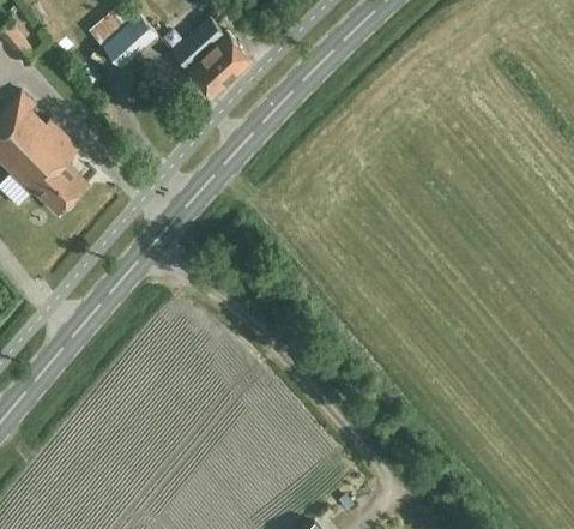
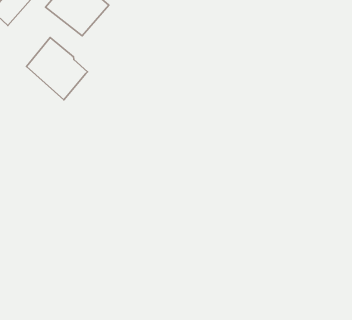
building: none -> [27,38,87,100]

